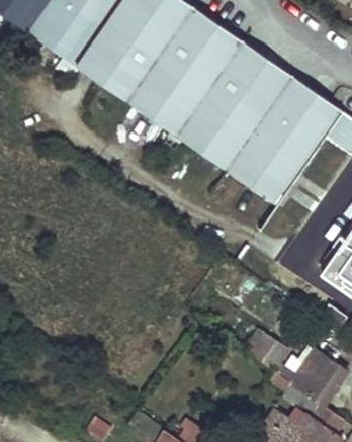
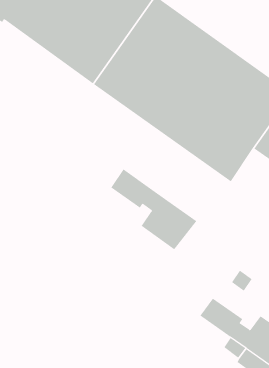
building: none -> [111,169,197,250]

